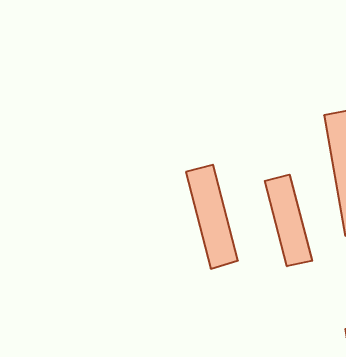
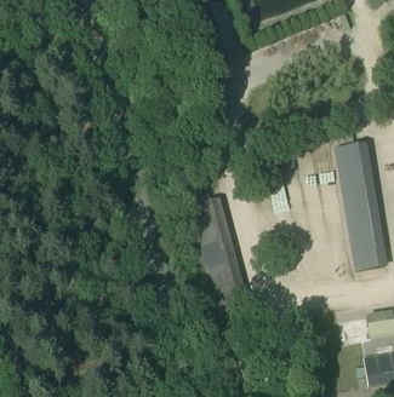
building: [265,175,312,266] -> none

